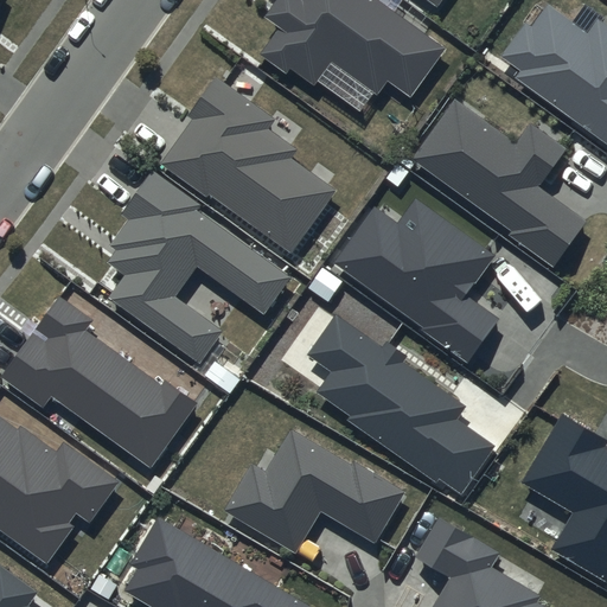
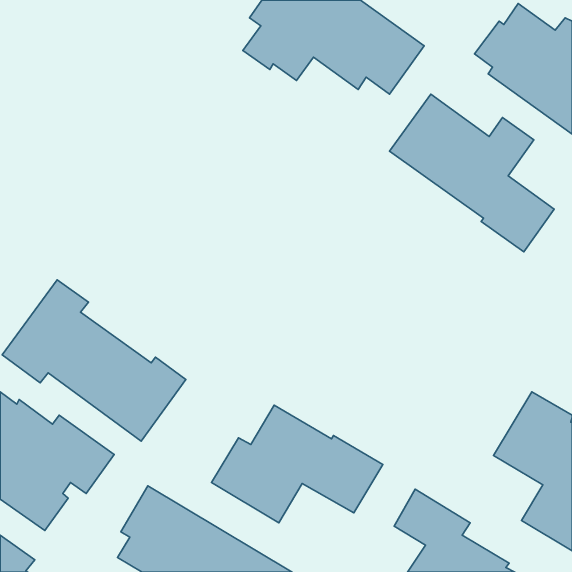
building: [160,75,333,250] -> none
building: [106,171,289,363] -> none
building: [337,197,500,360] -> none
building: [306,313,494,494] -> none

